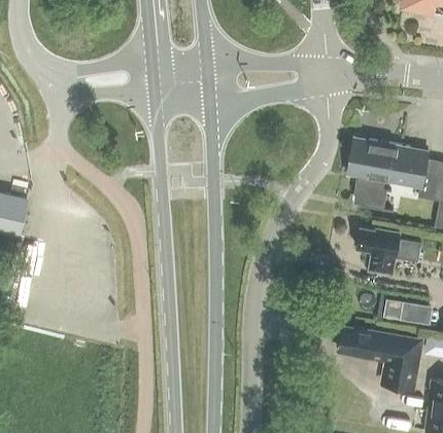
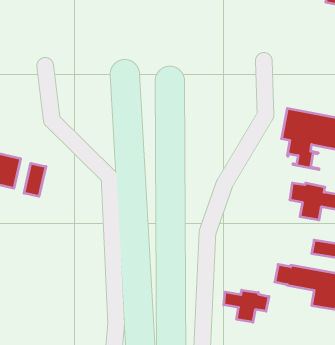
building: none -> [24,163,46,196]
building: none -> [224,290,269,322]

